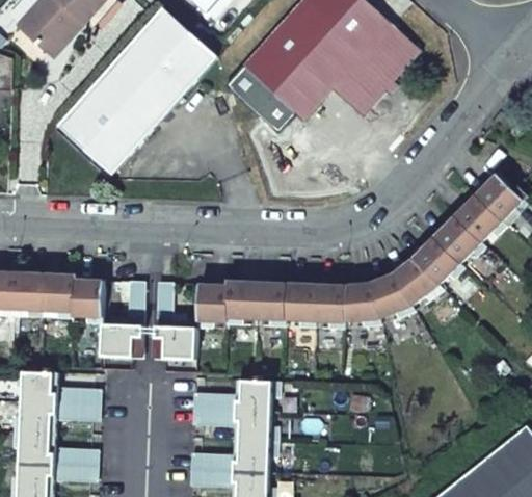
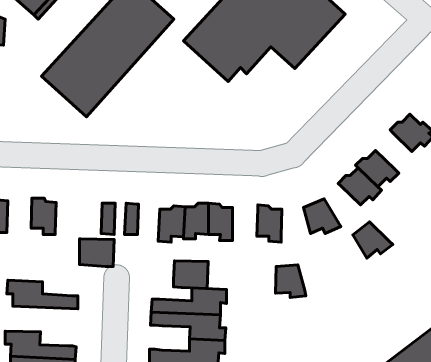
building: [454,193,506,238] -> none
building: [396,258,444,302] -> [353,222,393,258]
building: [15,271,45,315] -> none
building: [73,278,104,321] -> none
building: [286,280,316,324] -> none
building: [344,284,380,323] -> [275,265,306,298]
building: [155,323,196,357] -> [174,261,208,288]
building: [12,402,100,434] -> none

